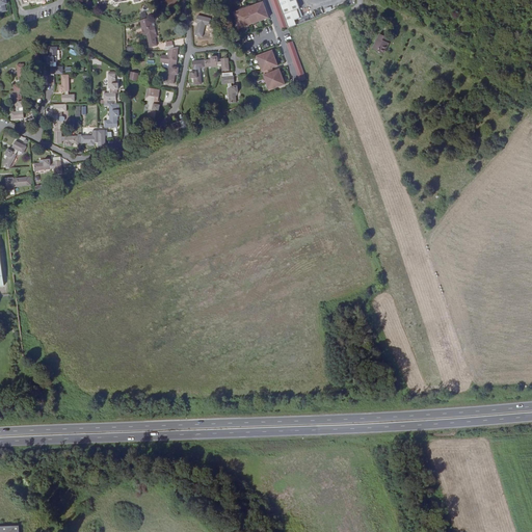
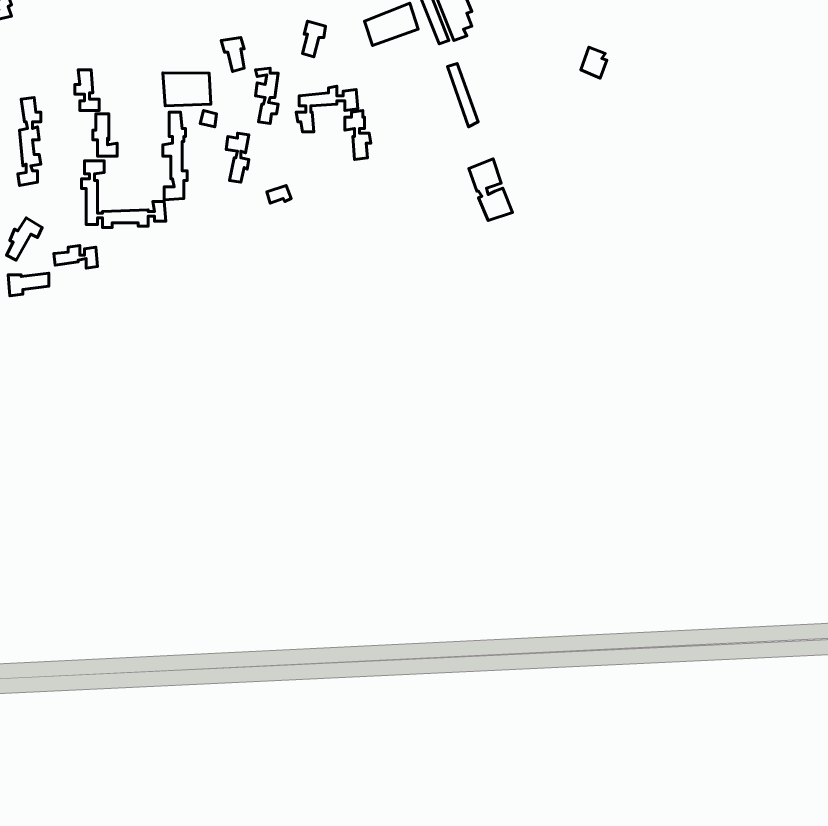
building: none -> [163,73,211,106]
building: [256,51,284,90] -> [469,159,513,221]

